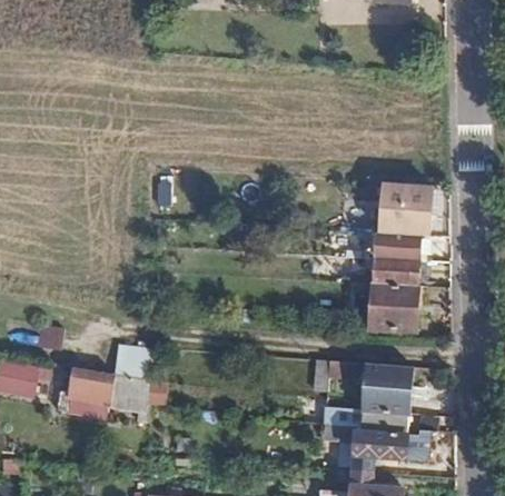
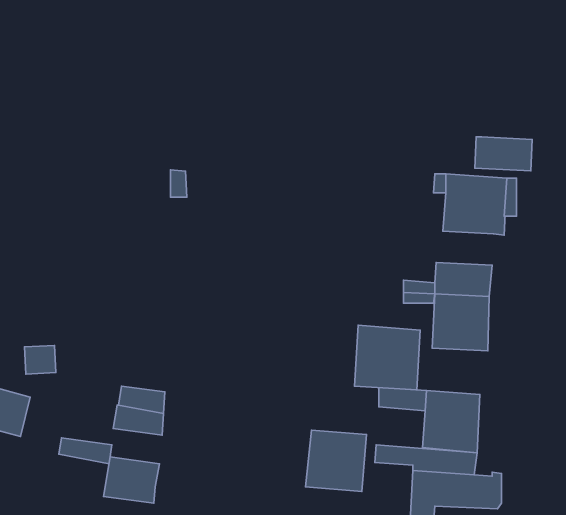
building: [373,232,419,260] -> [475,137,532,171]
building: none -> [355,325,420,390]
building: [67,369,112,407] -> [103,457,159,503]
building: none -> [306,430,367,492]

